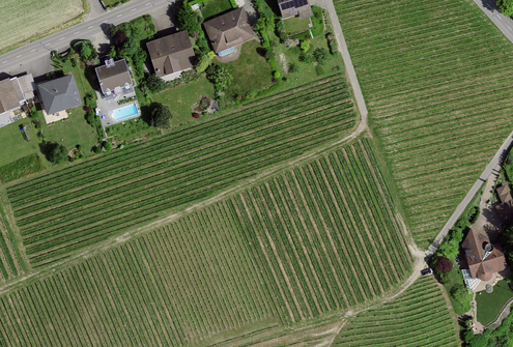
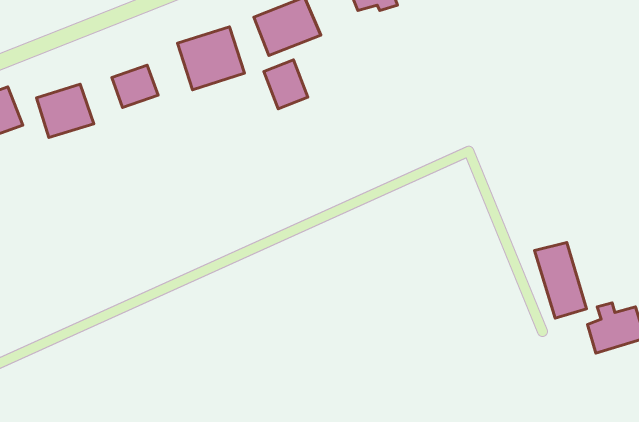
building: none -> [264,60,308,109]
building: none -> [535,242,587,318]

